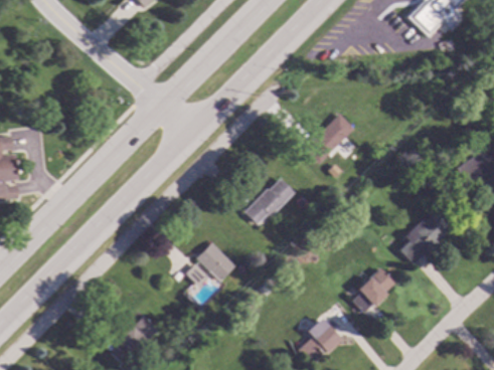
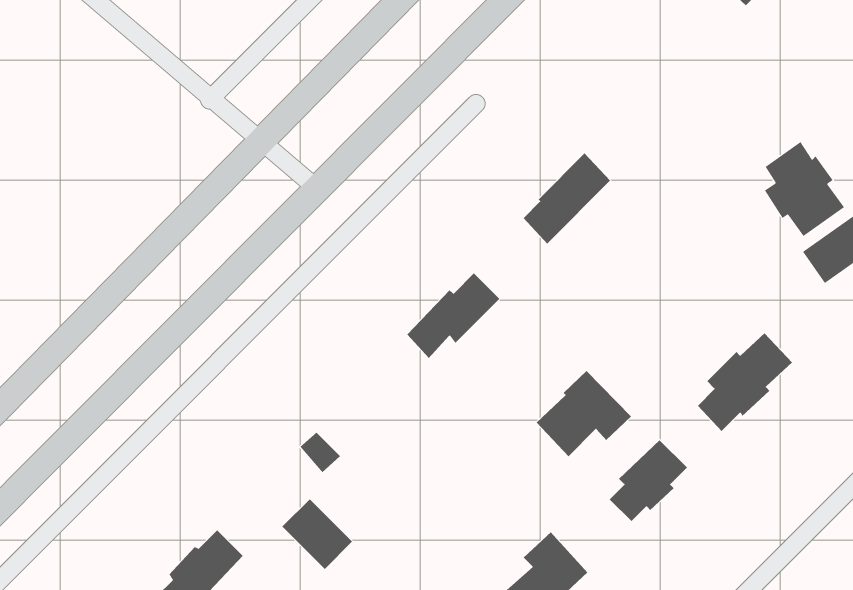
building: none -> [764,141,845,237]
building: none -> [536,370,632,457]
building: [197,242,235,281] -> [282,499,353,570]

